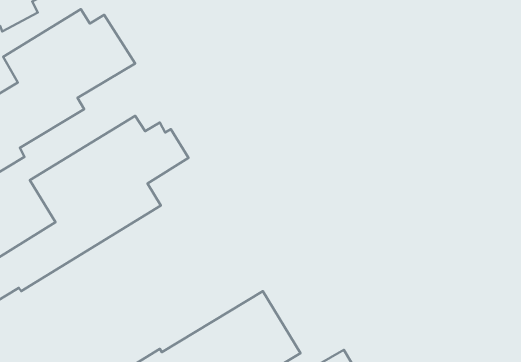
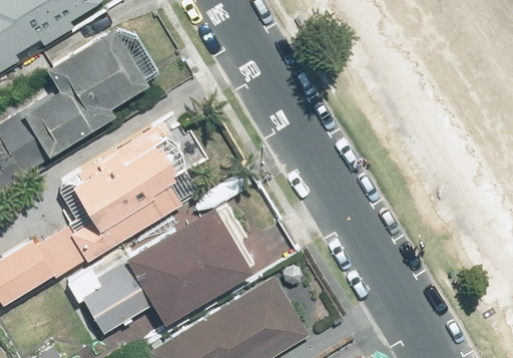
building: none -> [66,206,250,333]

